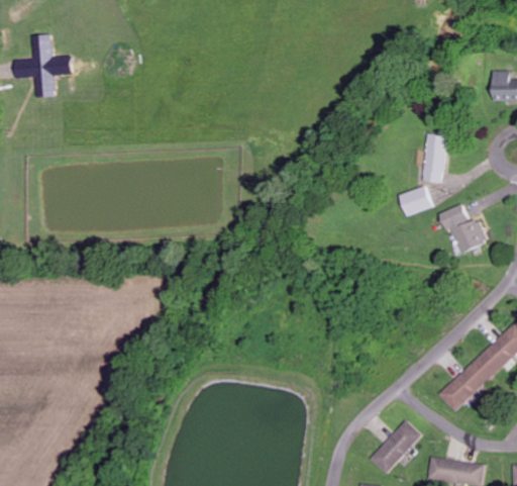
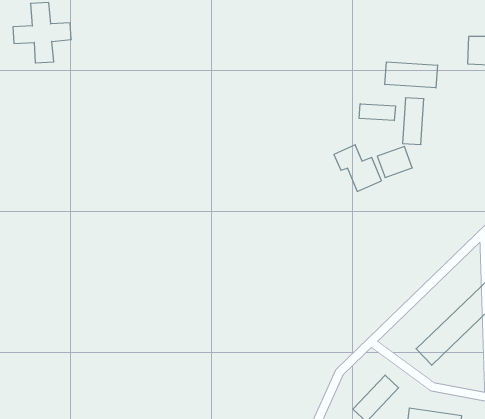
building: none -> [385,62,438,88]
building: none -> [359,104,395,121]
building: [438,204,488,253] -> [334,145,381,191]

